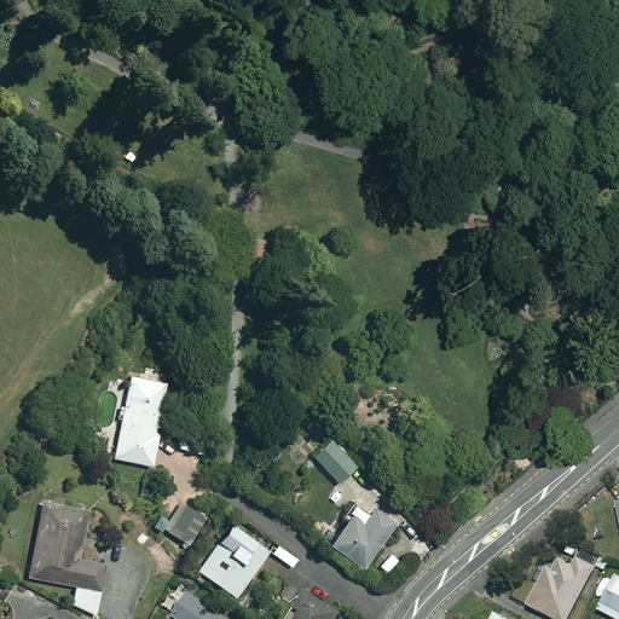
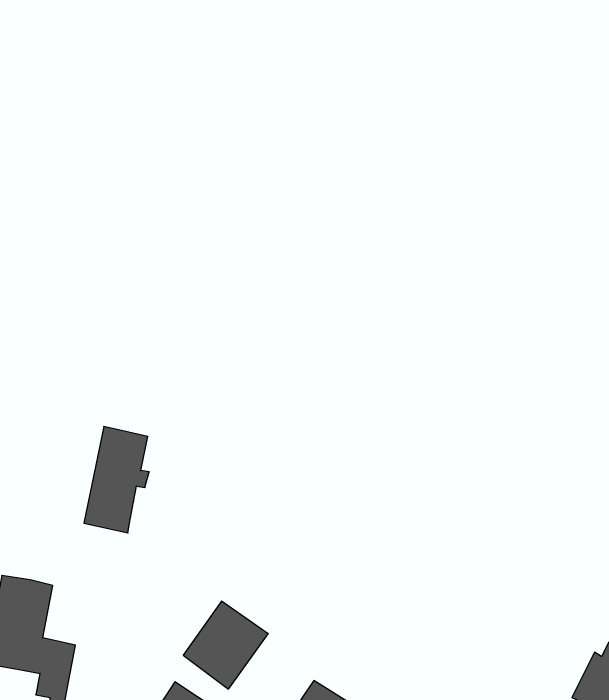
building: [312,439,357,484] -> none
building: [328,496,395,568] -> none
building: [164,502,206,545] -> none

